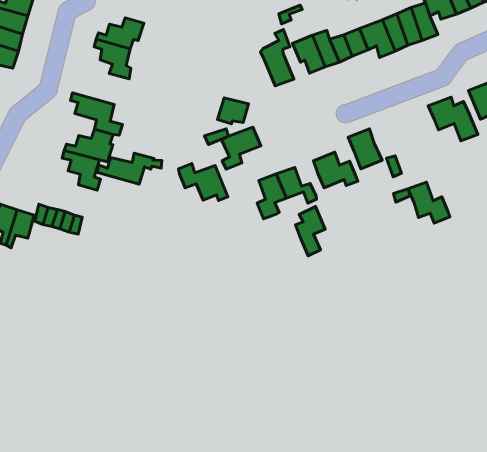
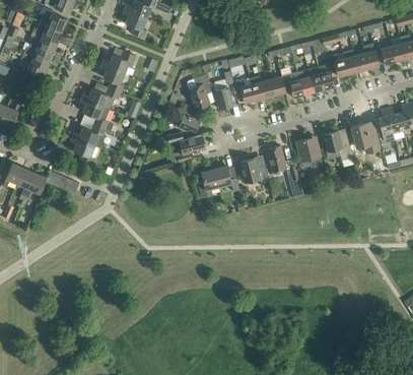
building: none -> [186,74,210,110]
building: [97,153,162,184] -> [81,87,126,109]
building: [179,164,228,201] -> none
building: [408,182,450,223] -> [295,138,322,167]
building: [296,207,325,256] -> none

